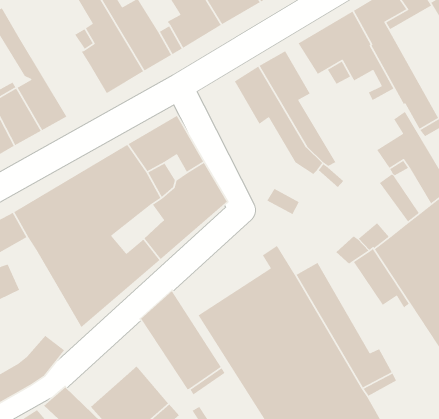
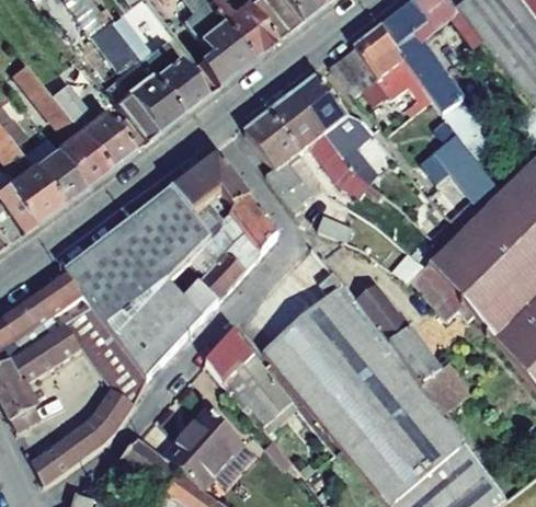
building: none -> [49,82,144,169]
building: none -> [244,113,311,209]
building: none -> [66,307,147,403]

